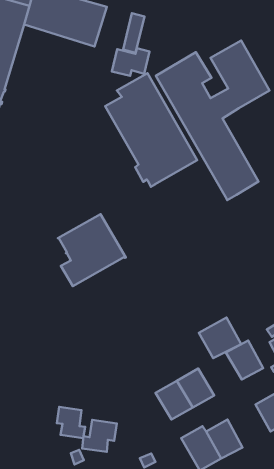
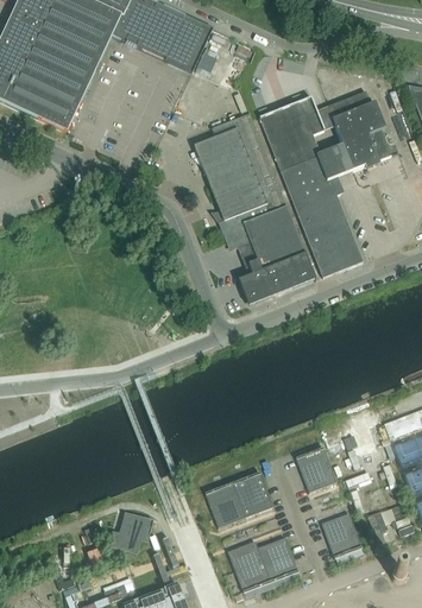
building: [112,48,150,76] -> none
building: [58,214,126,286] -> [238,223,316,304]
building: [199,318,241,358] -> none
building: [57,407,85,438] -> none

